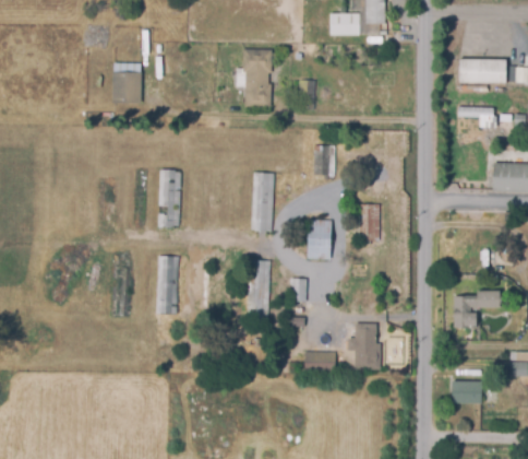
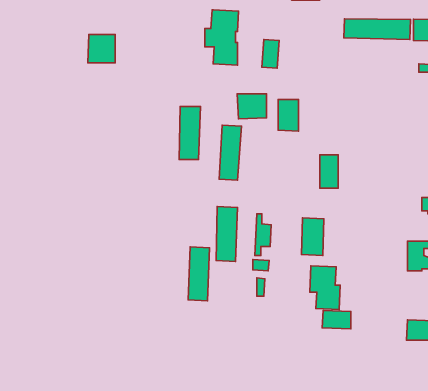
building: none -> [344,19,410,40]
building: none -> [237,94,267,119]
building: [158,172,181,228] -> [179,107,201,160]
building: [309,219,333,259] -> [301,218,324,255]
building: [156,258,179,316] -> [188,247,209,301]
building: [305,351,336,370] -> [322,311,351,329]

